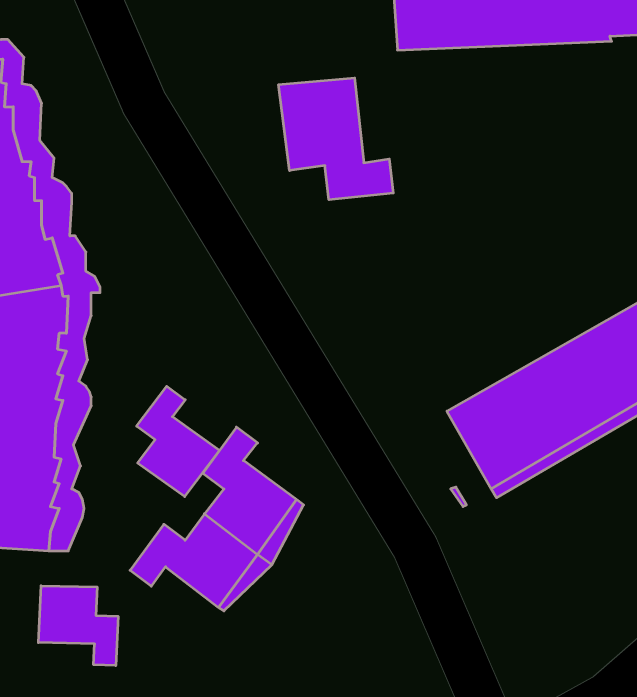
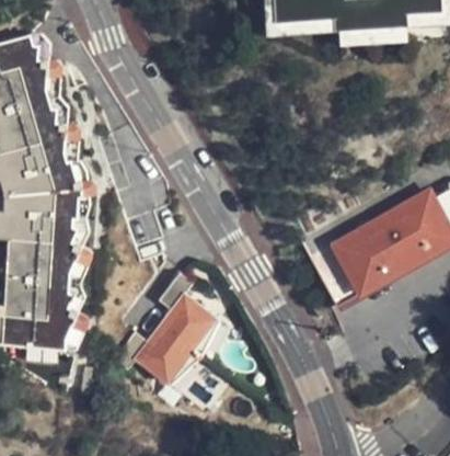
building: [279,78,393,200] -> none
building: [137,386,219,497] -> none
building: [38,586,118,666] -> none

